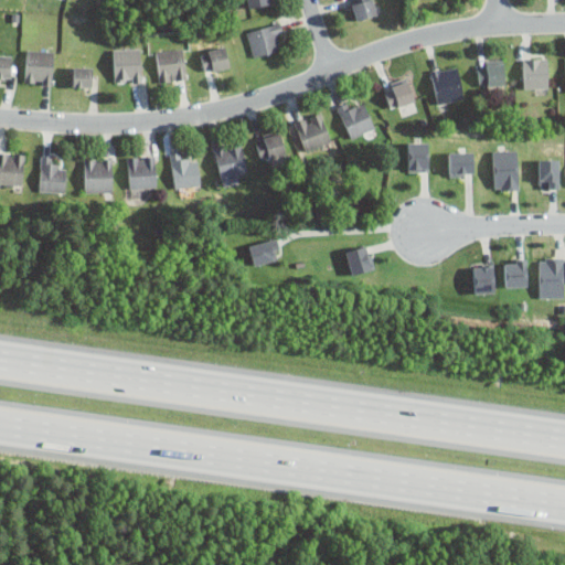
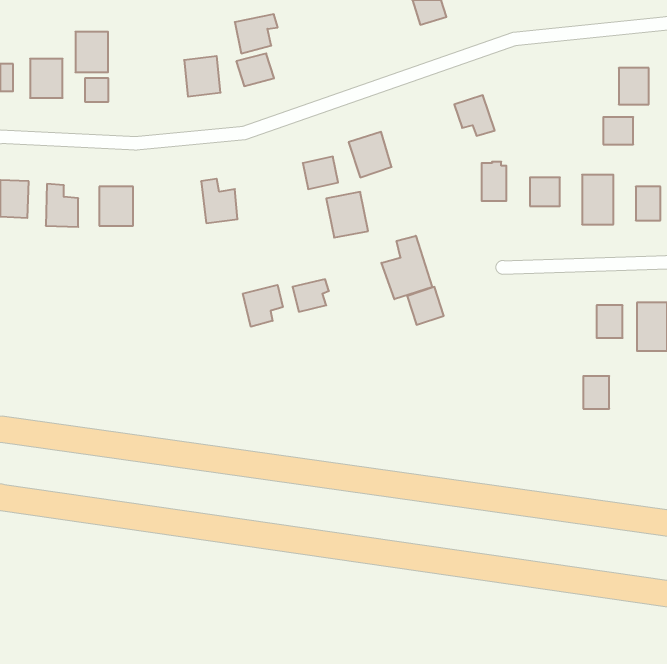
building: [247,25,284,58] -> [235,14,278,53]
building: [114,50,141,84] -> [75,32,108,72]
building: [479,65,504,88] -> [603,117,633,144]
building: [430,67,465,106] -> none
building: [338,103,375,140] -> none
building: [214,142,249,181] -> [326,192,368,238]
building: [128,158,157,190] -> none
building: none -> [381,236,432,299]
building: none -> [243,285,283,327]
building: [472,267,494,295] -> [583,376,609,409]

